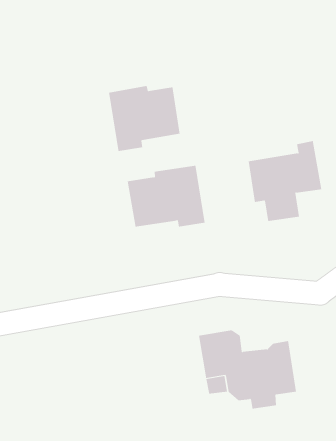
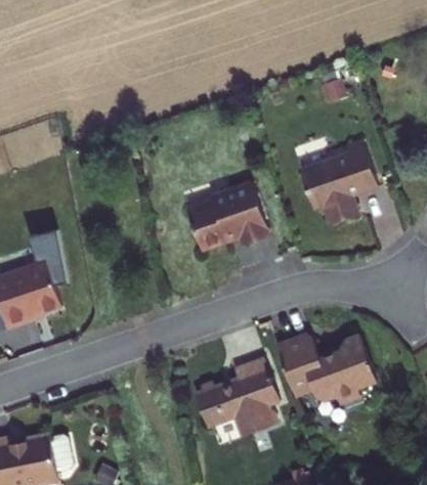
building: [109,85,180,152] -> none
building: none -> [195,358,279,437]

